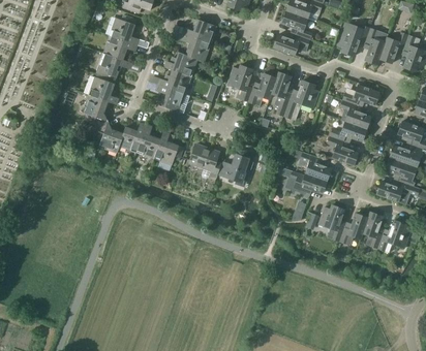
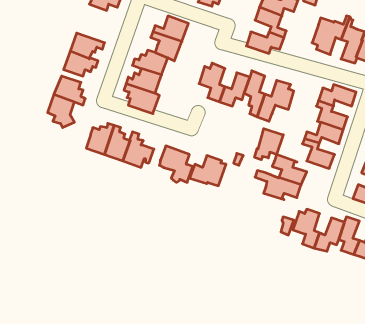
building: [110,15,139,44] -> none
building: [96,121,123,153] -> none
building: none -> [255,129,283,160]

